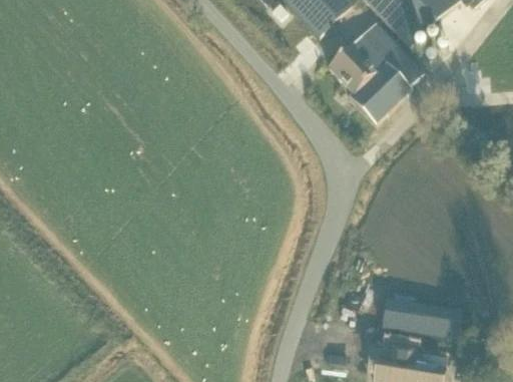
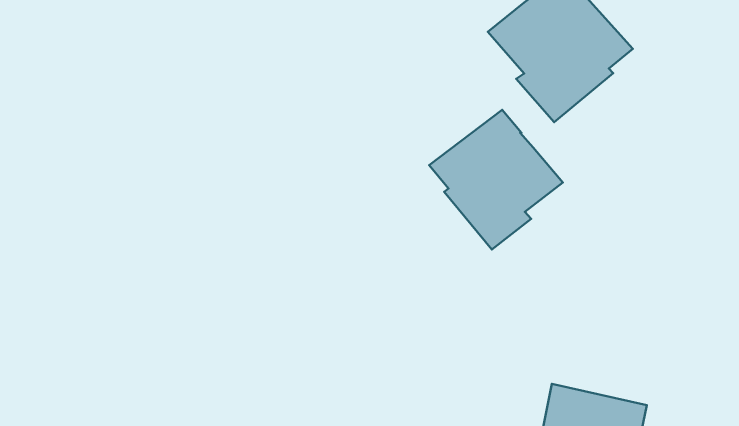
building: none -> [429,110,563,249]

